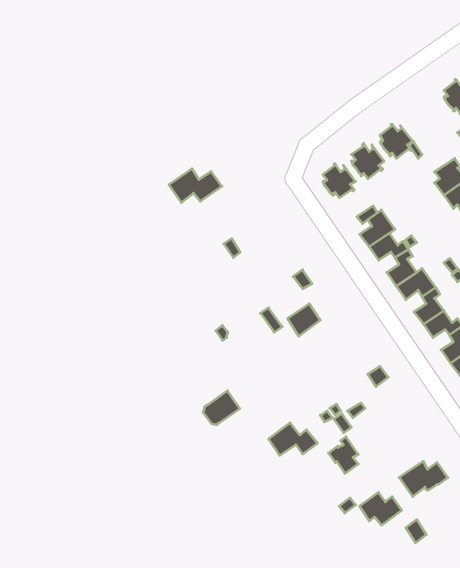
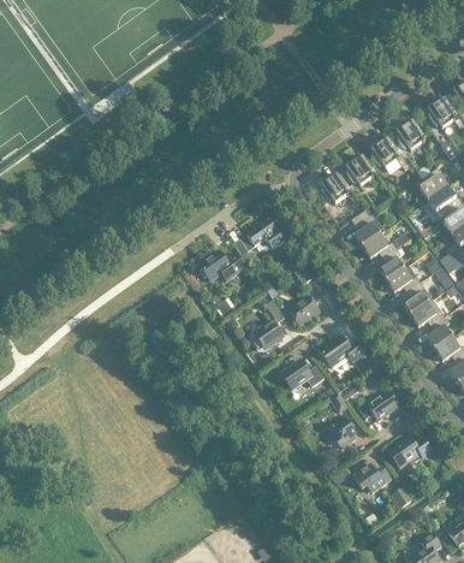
building: none -> [394,118,424,148]
building: [169,169,222,203] -> [198,249,245,279]
building: none -> [245,217,284,248]
building: none -> [316,332,363,365]
building: [203,391,240,425] -> [250,319,282,349]
building: none -> [356,387,398,419]
building: [269,423,317,455] -> [280,357,323,386]

